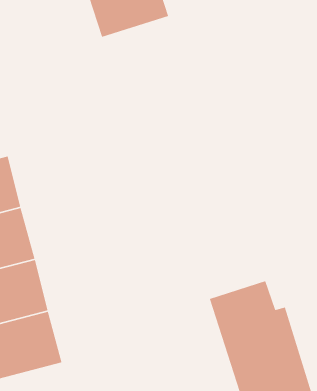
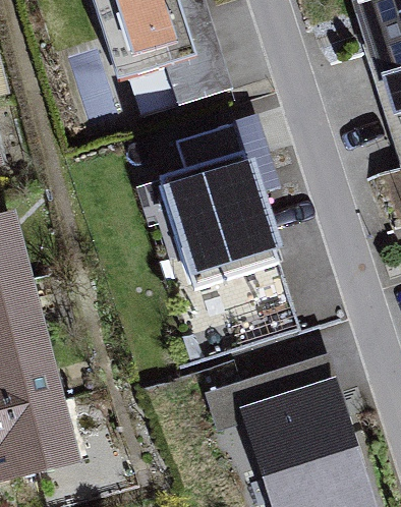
building: none -> [161,125,280,291]

